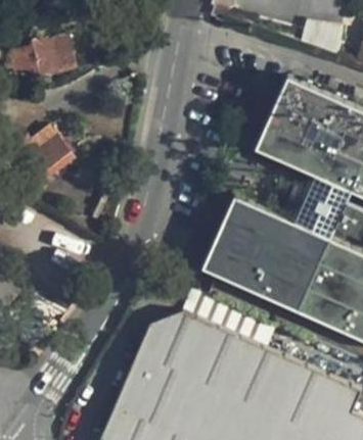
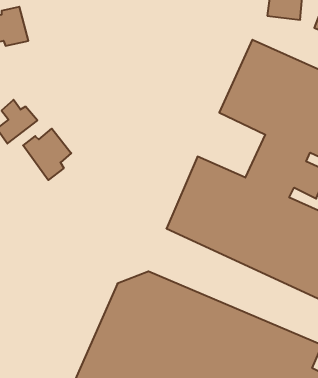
building: none -> [23,129,71,180]

